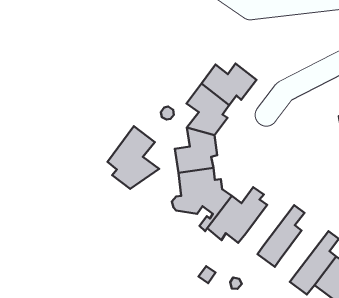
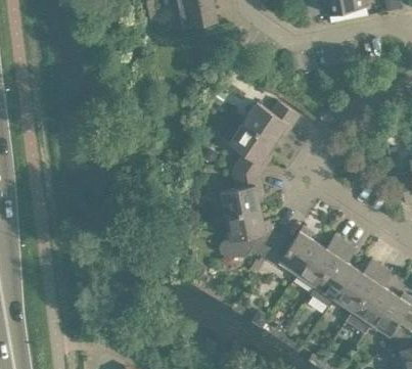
building: [108,126,159,189] -> none
building: none -> [297,234,346,285]
building: none -> [334,259,382,310]

